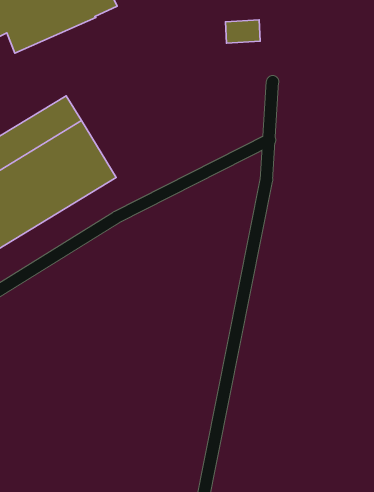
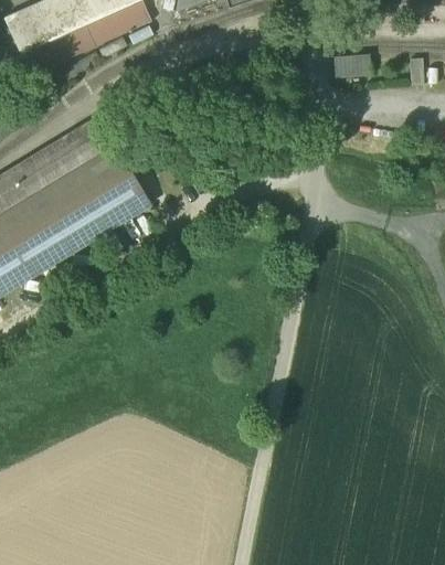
building: [225,20,260,43] -> [331,55,369,81]

